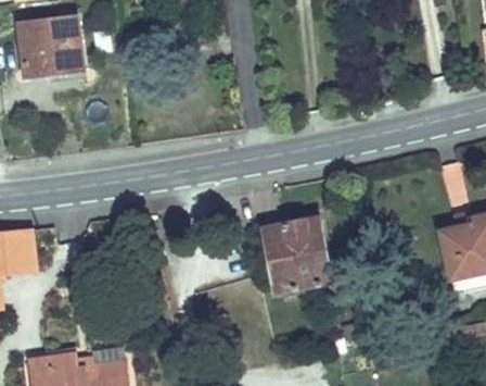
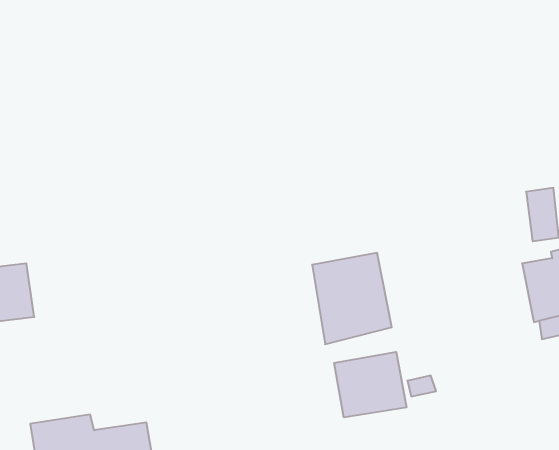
building: [18,16,81,73] -> none
building: none -> [334,352,406,417]

